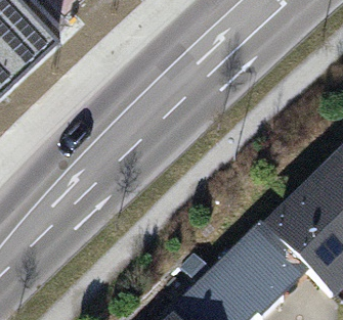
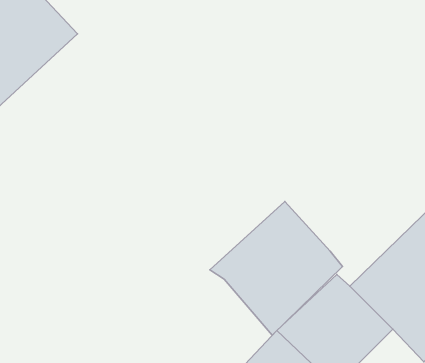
building: none -> [210,201,343,335]

